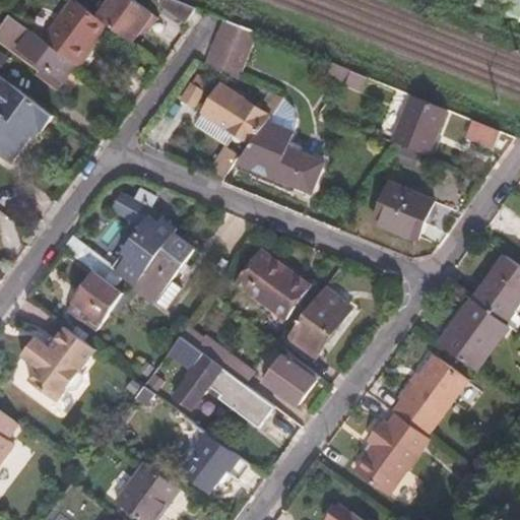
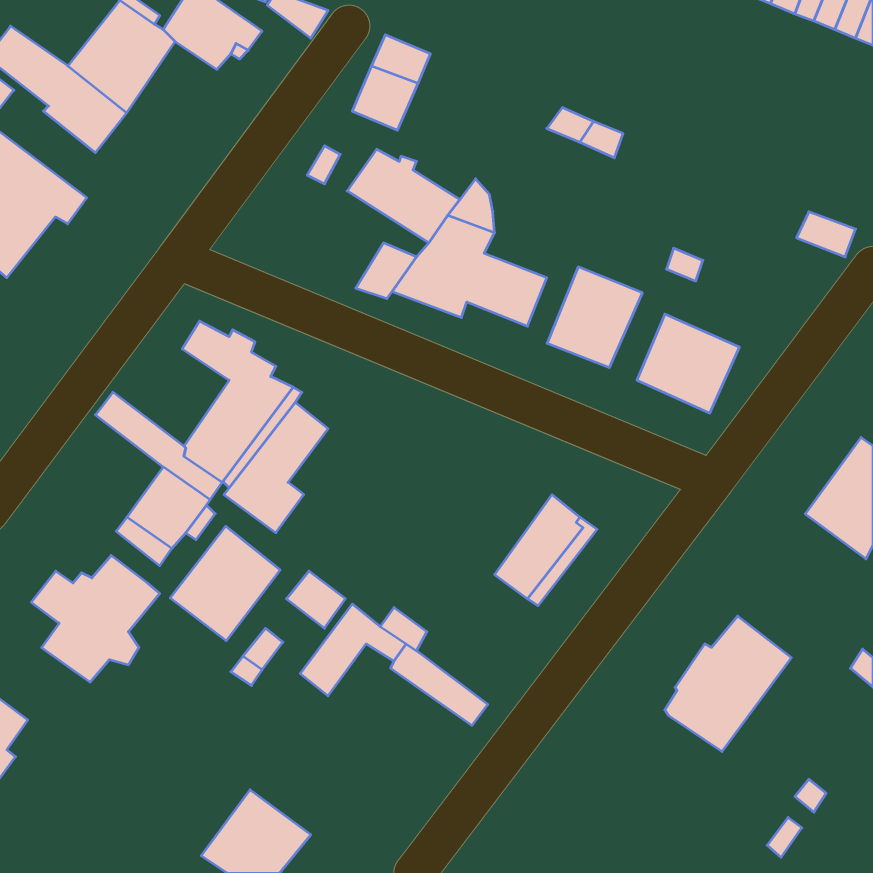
building: [394,99,450,157] -> [547,267,642,368]
building: [234,252,308,321] -> none
building: [438,301,507,372] -> none
building: none -> [170,526,280,641]
building: [263,348,318,402] -> none
building: [349,418,426,499] -> none
building: [182,428,248,491] -> none

